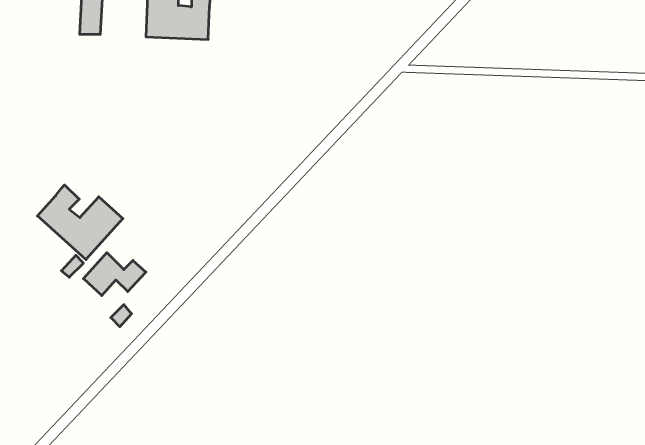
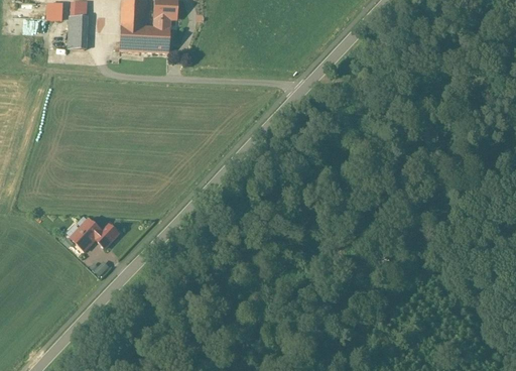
building: [37,185,123,260] -> none

